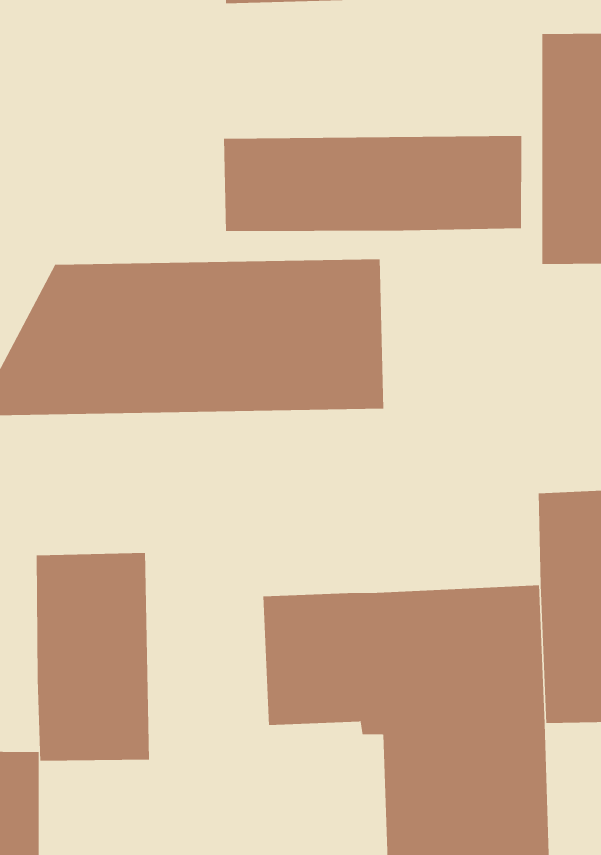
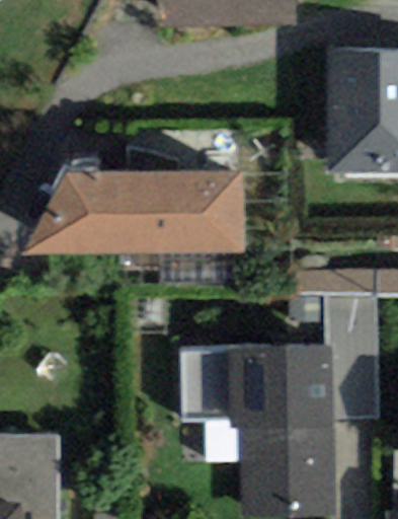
building: [223,135,522,232] -> none
building: [36,552,149,761] -> none

